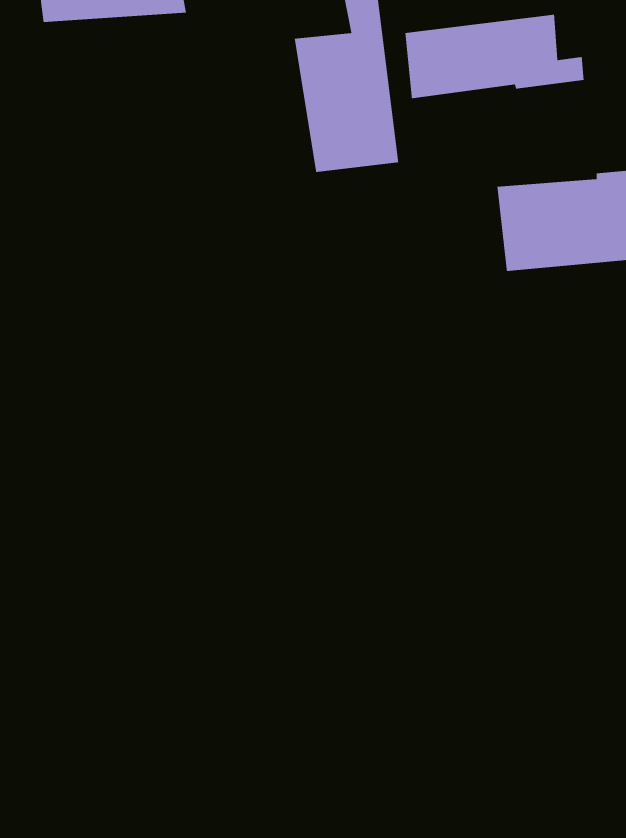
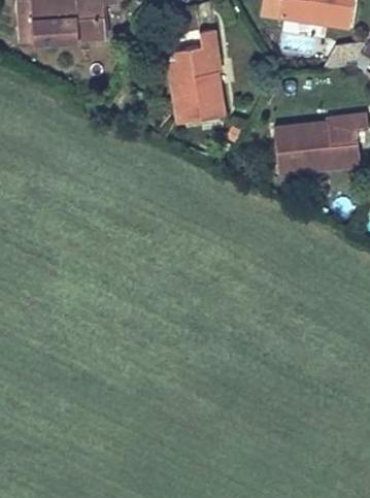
building: [405,14,584,99] -> none

